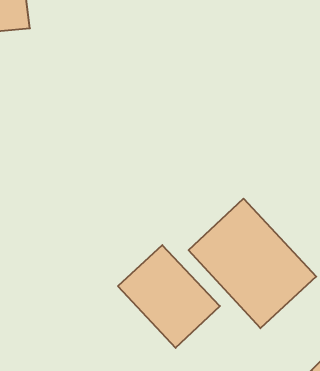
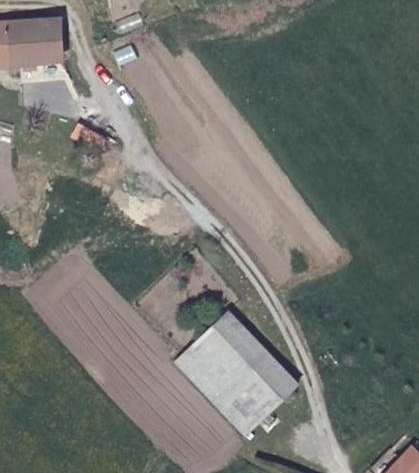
building: [189,199,316,328] -> none

